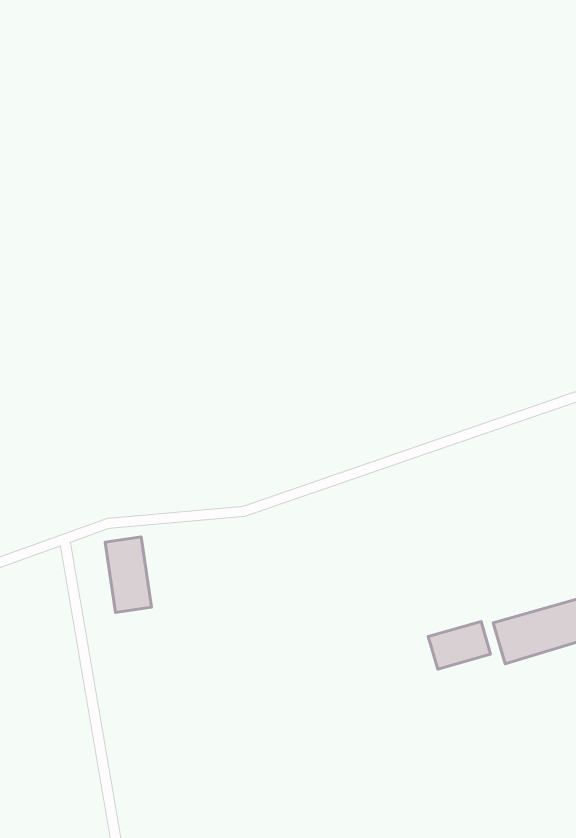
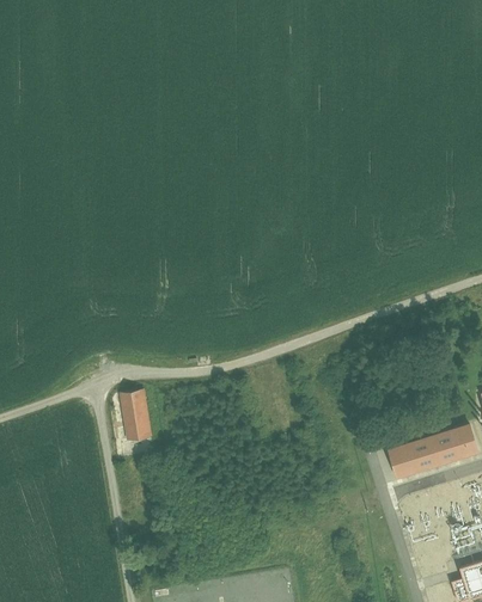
building: [428,622,491,669] -> none

